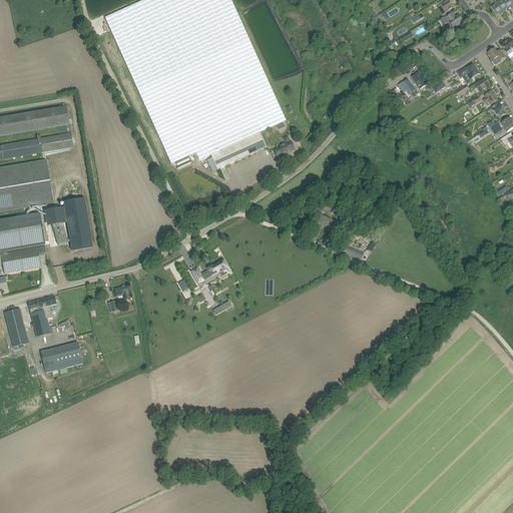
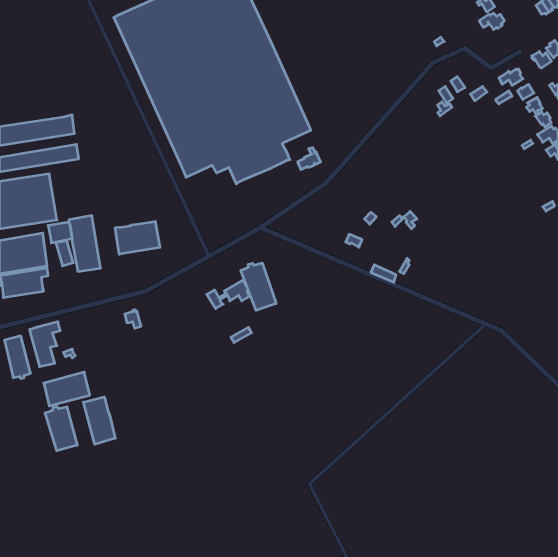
building: none -> [115,221,160,254]
building: none -> [241,263,276,310]
building: none -> [83,397,115,444]
building: none -> [45,407,77,451]

